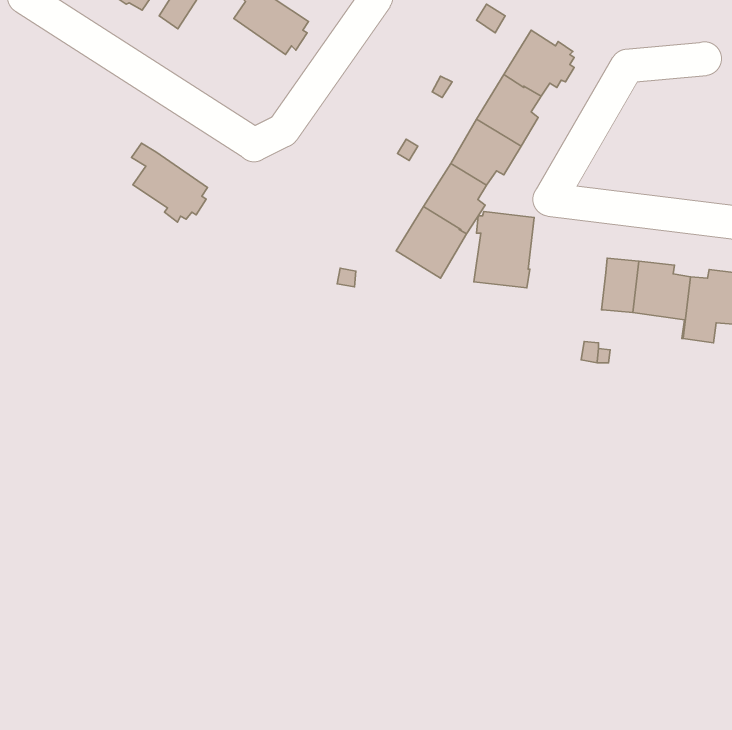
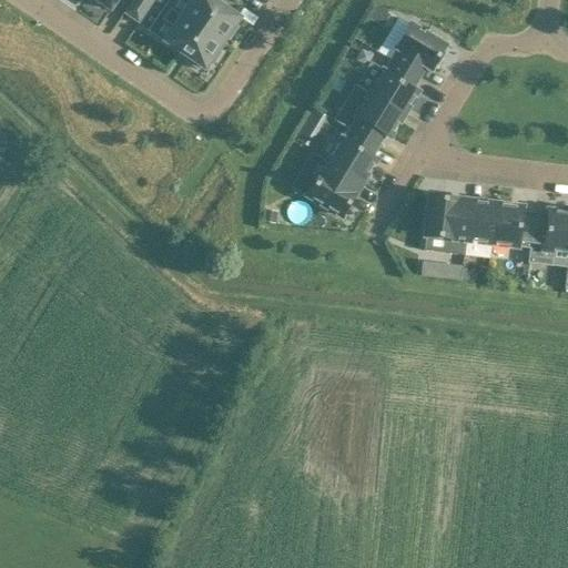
building: [132,143,208,222] -> [163,8,222,69]
building: [474,212,534,288] -> [424,195,470,254]

